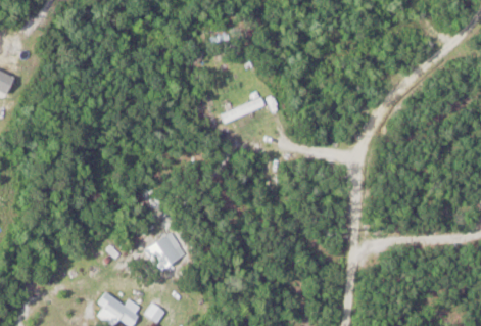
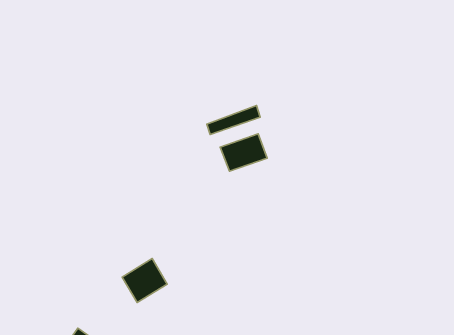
building: none -> [220,134,267,171]

